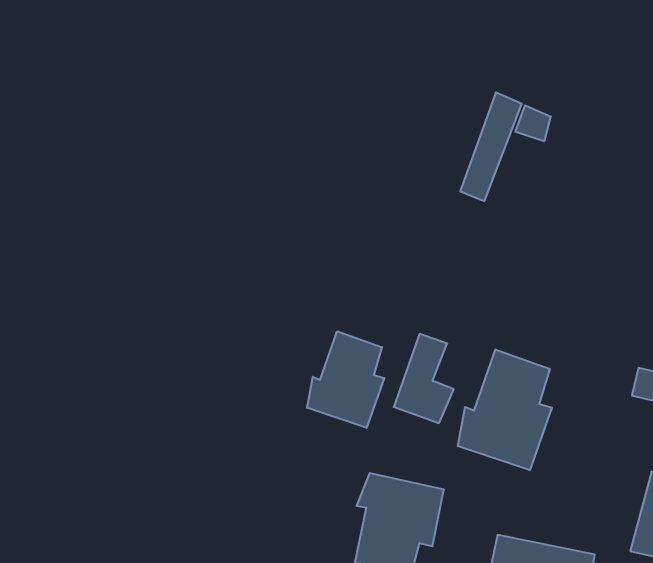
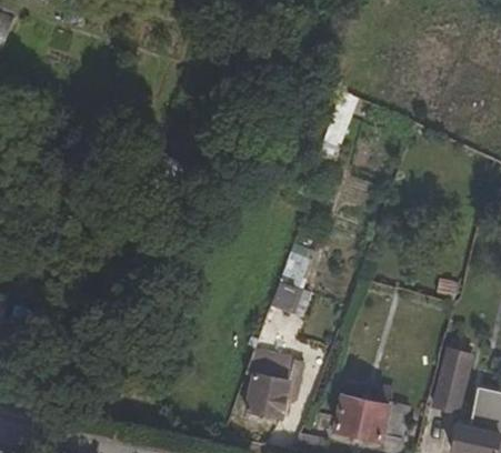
building: [307,331,384,428] -> none
building: [458,349,552,470] -> none

